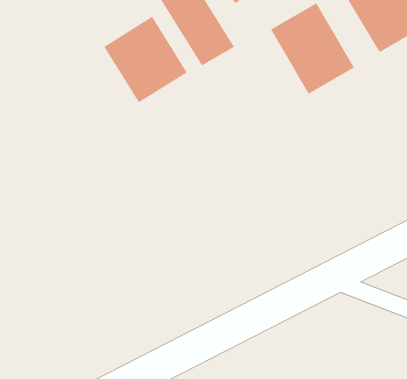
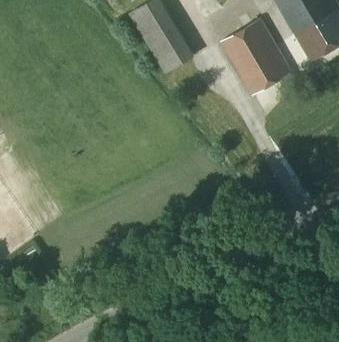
building: [103,16,187,103] -> none

